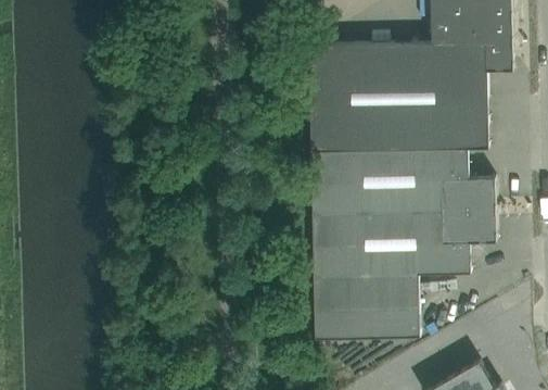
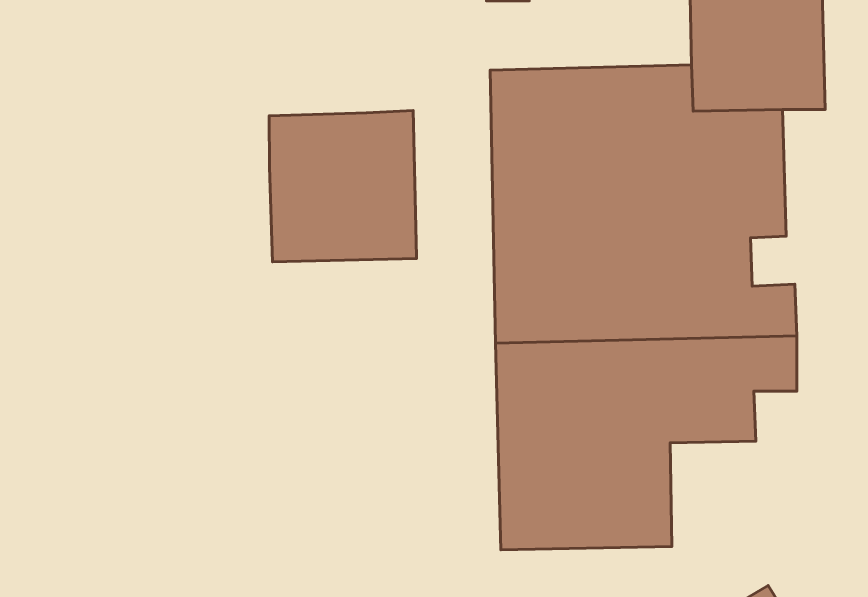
building: none -> [269,110,417,262]

